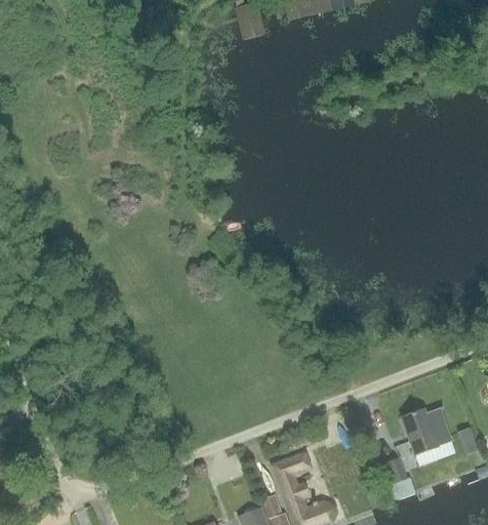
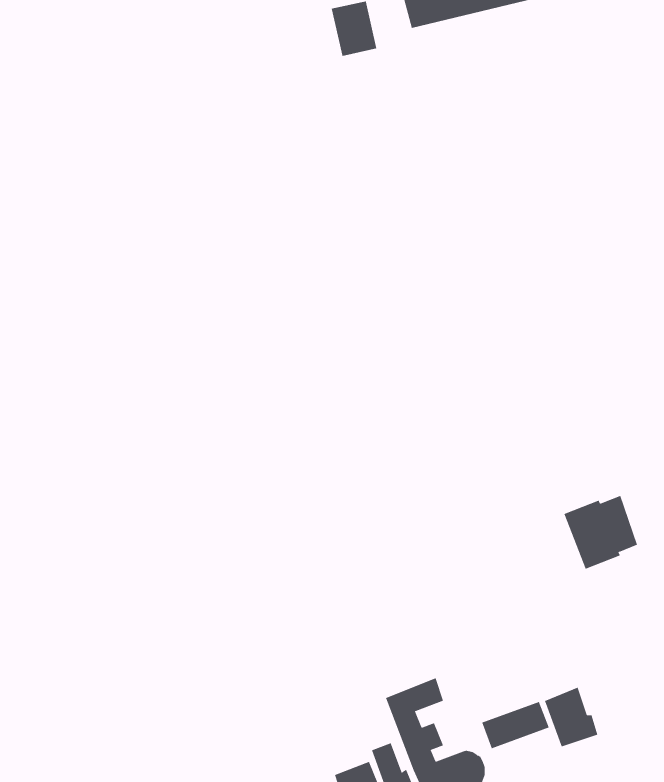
building: [400,405,449,454] -> [564,495,638,569]
building: none -> [481,701,549,749]

